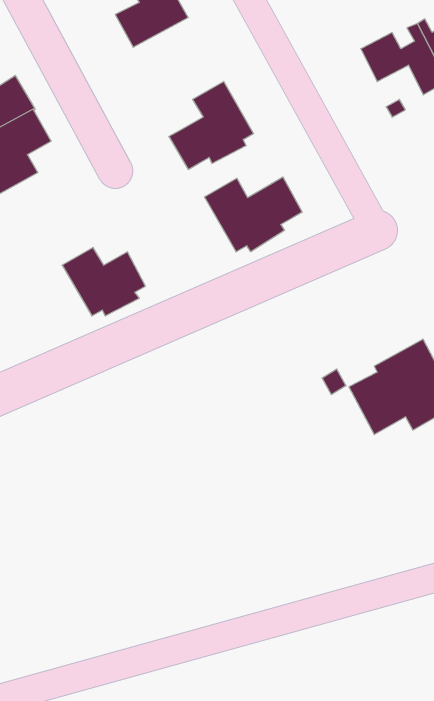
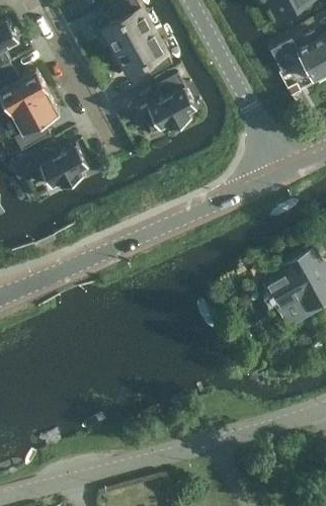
building: none -> [115,33,172,79]
building: [205,177,302,252] -> none
building: [62,247,145,316] -> [31,144,88,190]

